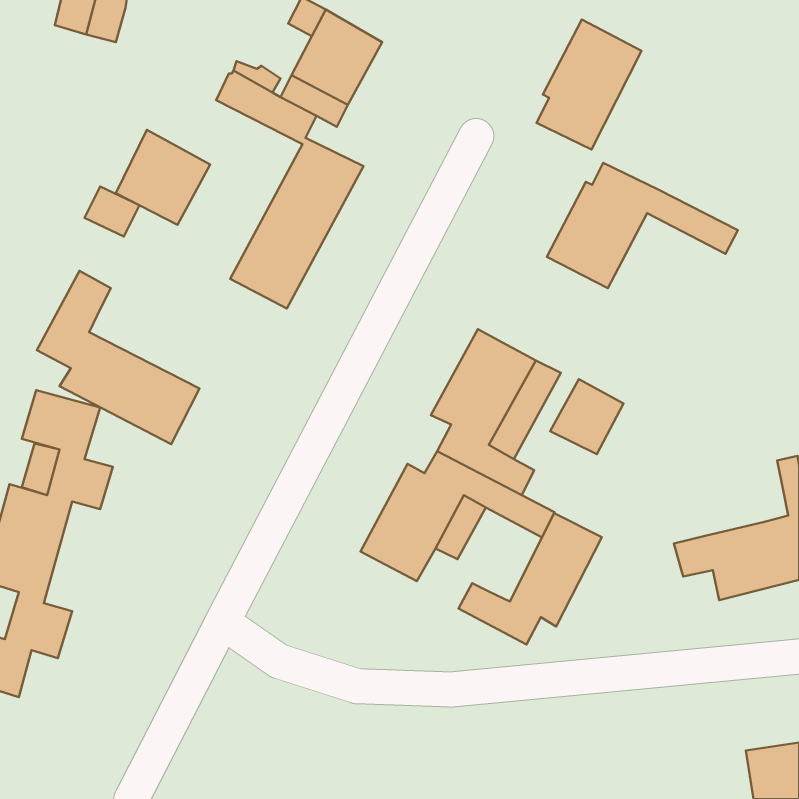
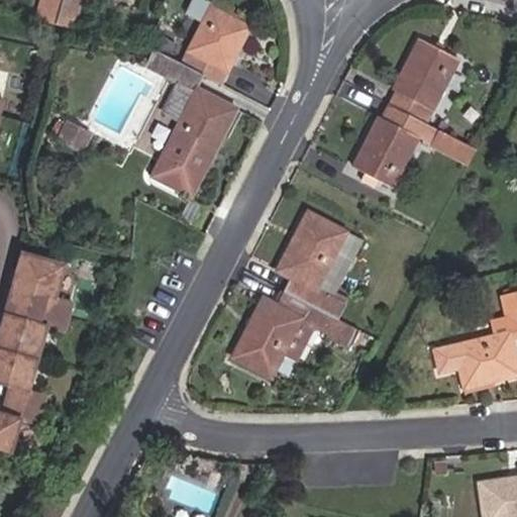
building: [537,19,641,149] -> [389,38,456,122]
building: [116,130,210,225] -> none
building: [37,271,199,444] -> none
building: [550,379,623,454] -> none
building: [459,513,602,644] -> none

